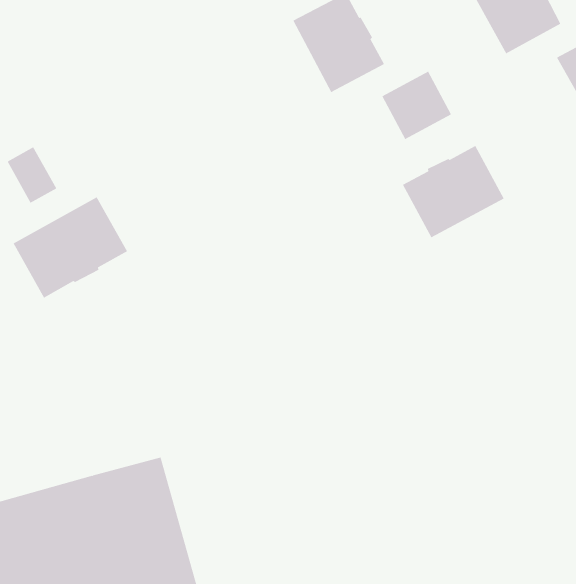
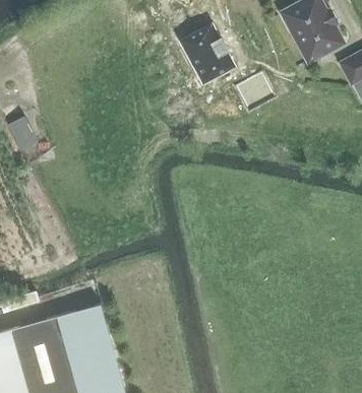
building: [402,145,505,238] -> none
building: [13,196,128,298] -> none

